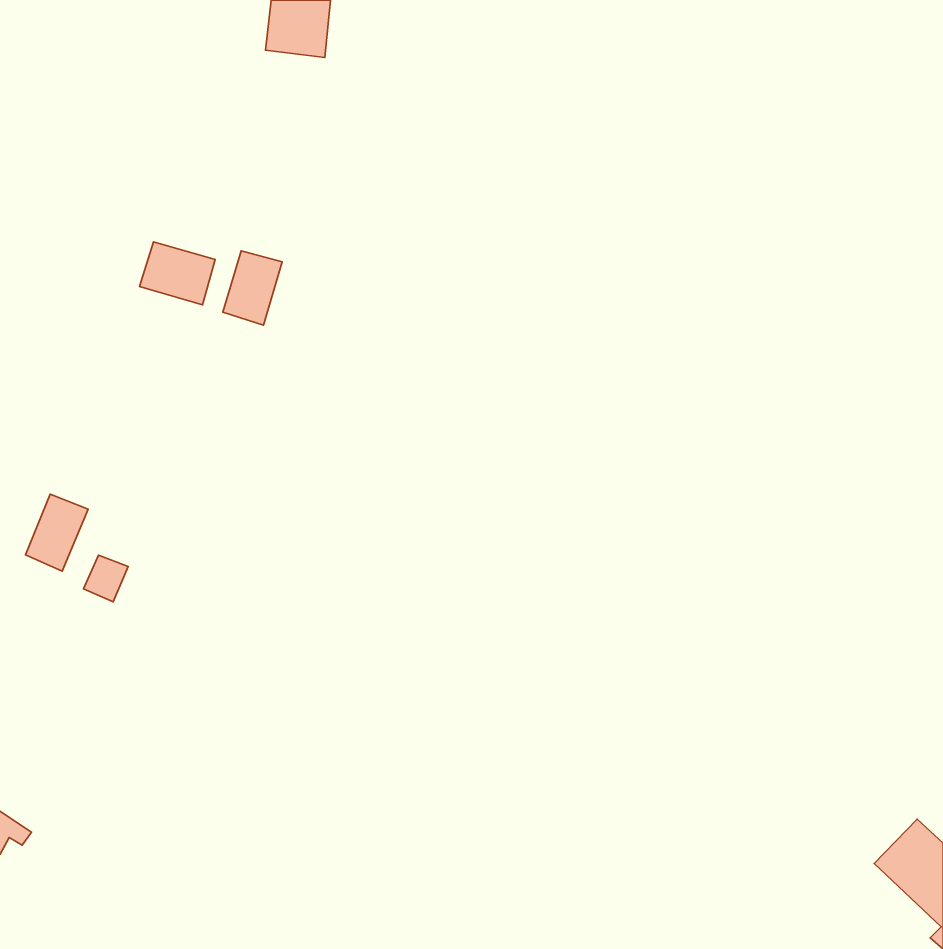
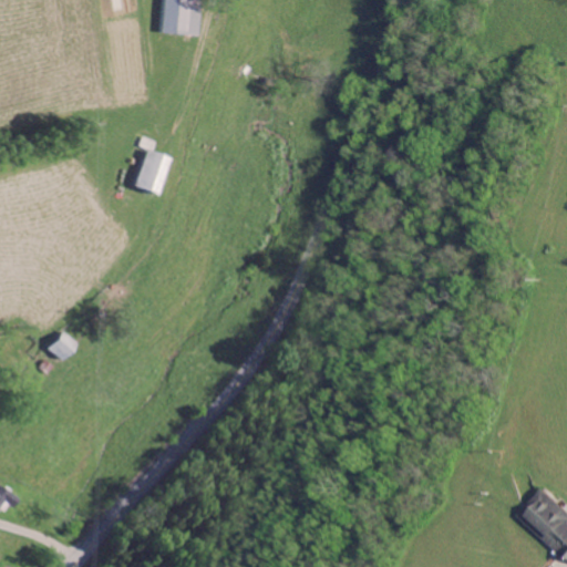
building: [140,242,215,305] -> none
building: [25,494,88,571] -> none

